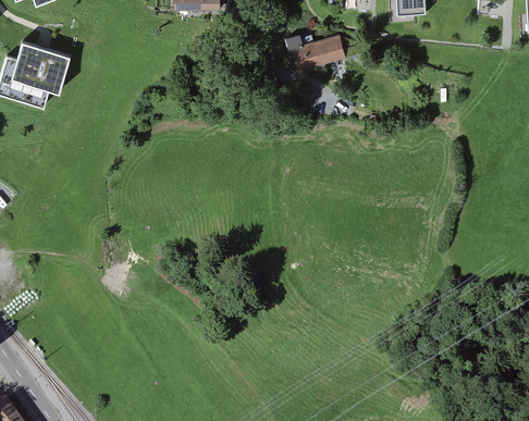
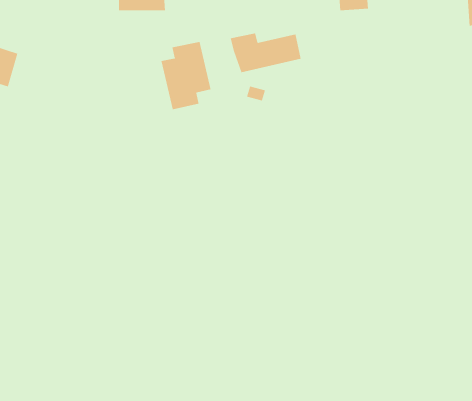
building: none -> [161,41,211,110]

